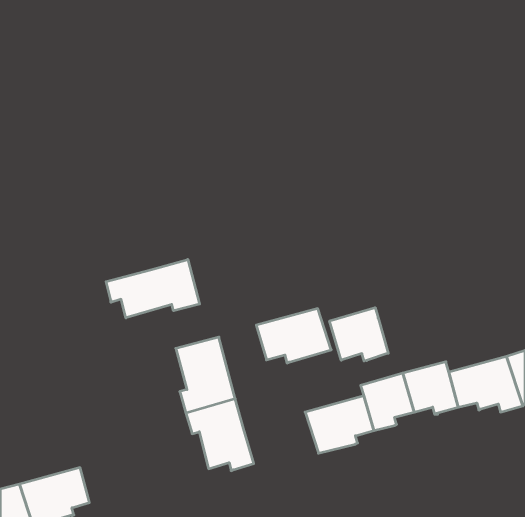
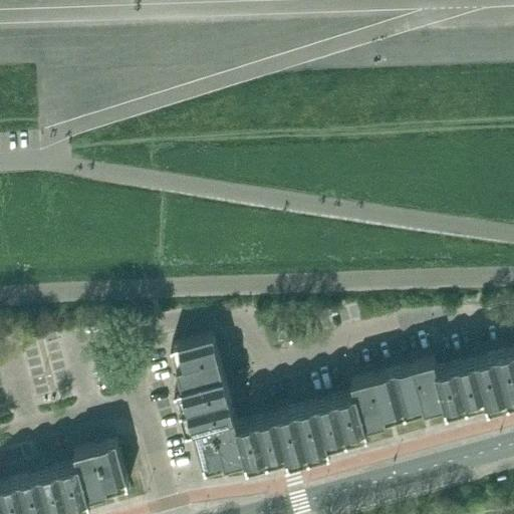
building: [106,259,200,318] -> none
building: [330,308,388,361] -> none
building: [256,309,331,363] -> [238,411,311,464]
building: none -> [75,443,127,499]

